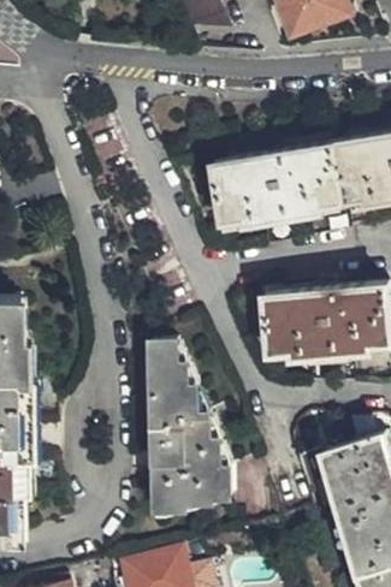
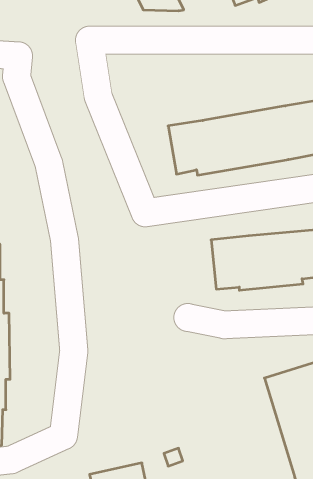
building: [152,343,229,508] -> none

